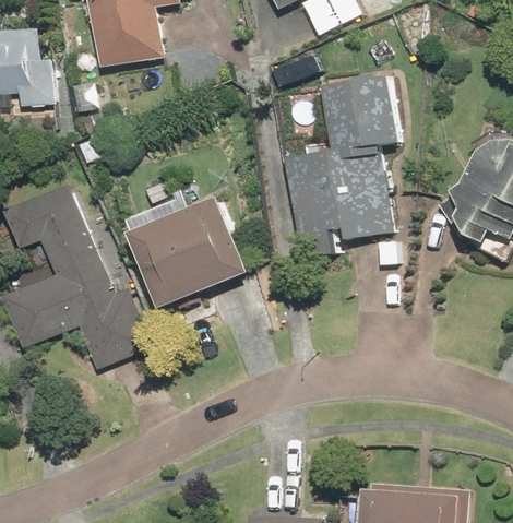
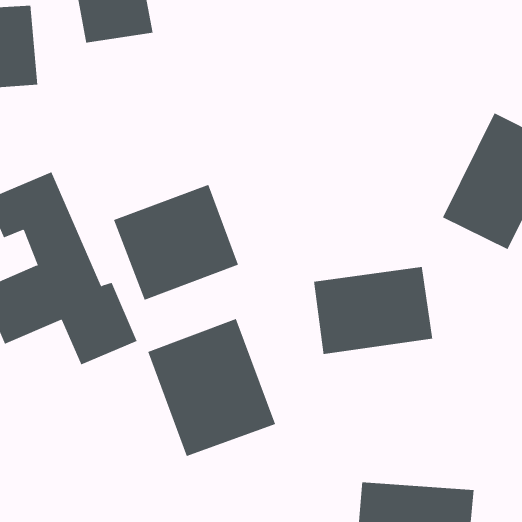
building: [285,76,397,255] -> none
building: none -> [314,266,433,355]
building: none -> [148,318,276,457]

